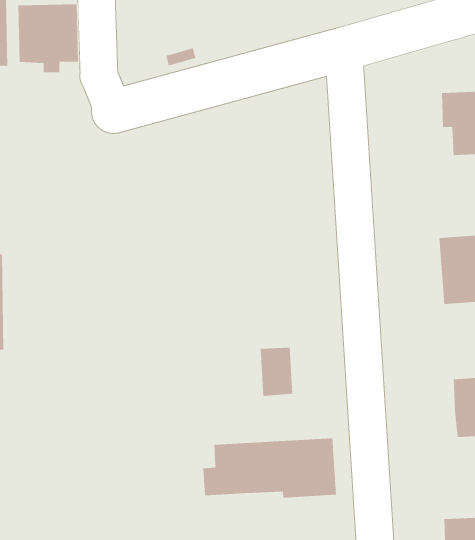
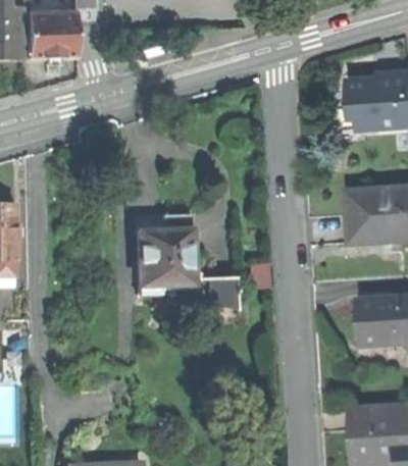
building: none -> [137,212,197,294]
building: [203,437,336,499] -> none

